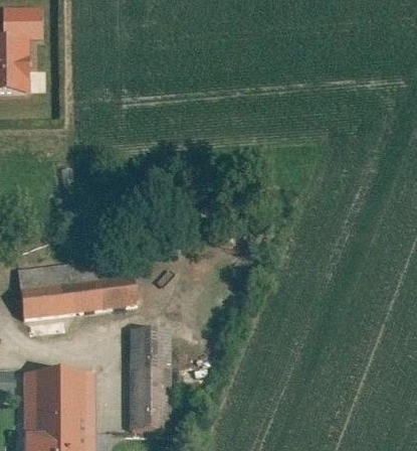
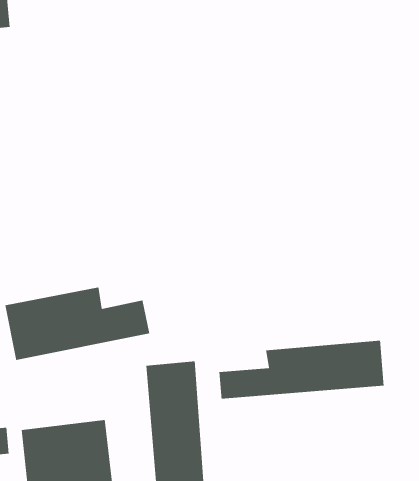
building: none -> [219,340,384,400]

